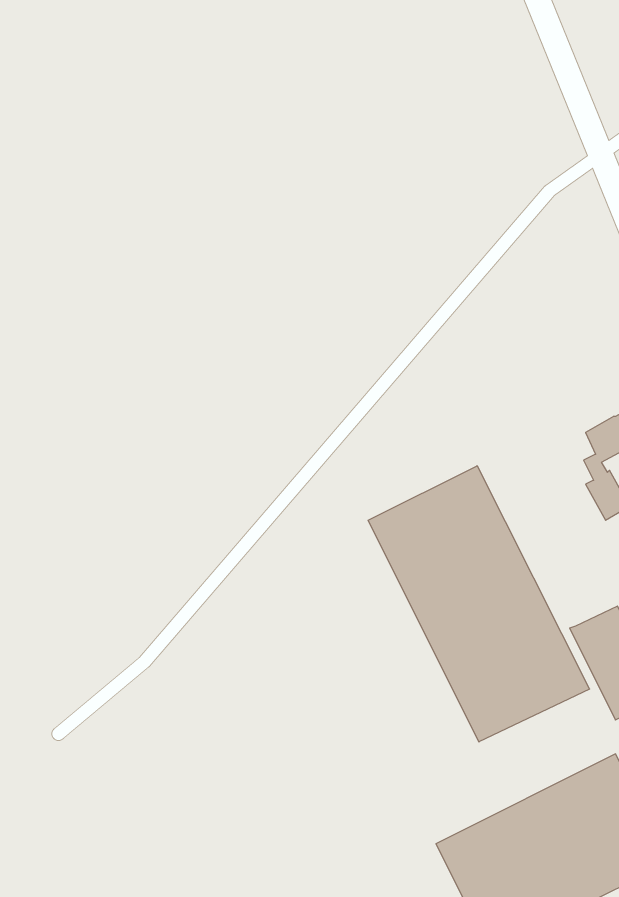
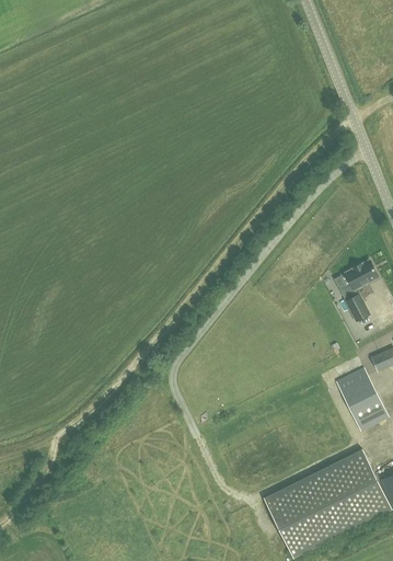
building: [368,466,590,742] -> none

